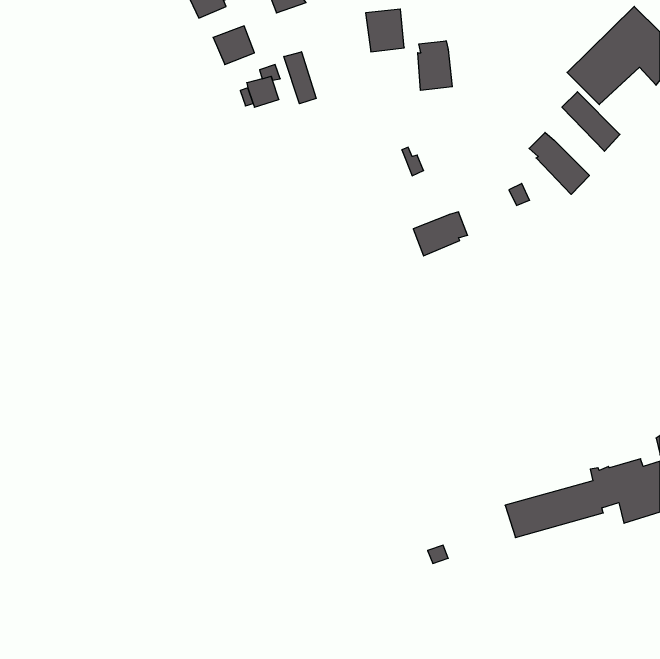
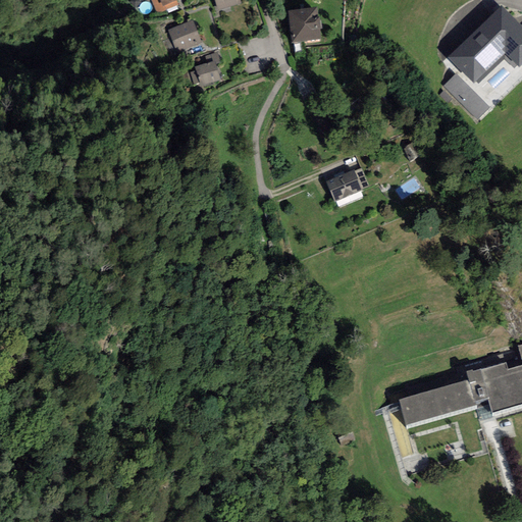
building: [418,41,452,90] -> none
building: [284,52,316,104] -> none
building: [529,132,589,194] -> none

